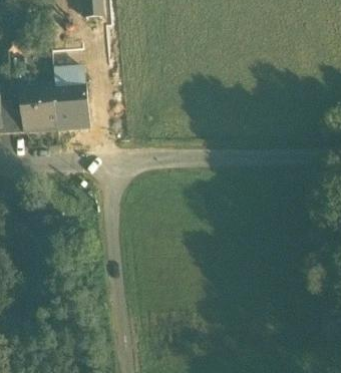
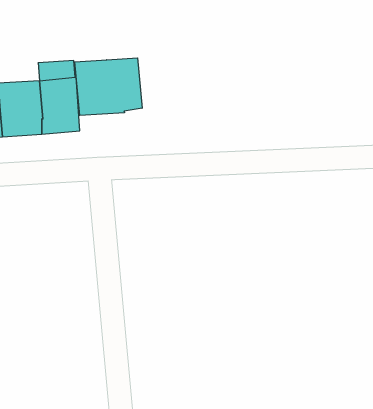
building: none -> [75,58,142,115]

